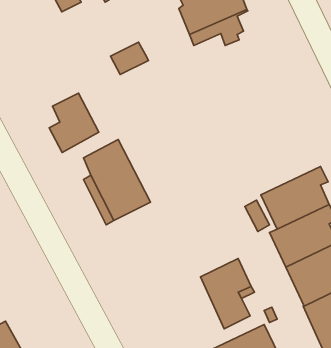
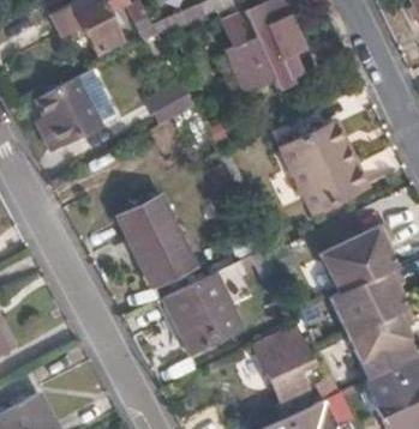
building: none -> [270,127,354,218]
building: [49,93,99,153] -> [47,78,102,144]
building: none -> [157,276,235,355]

